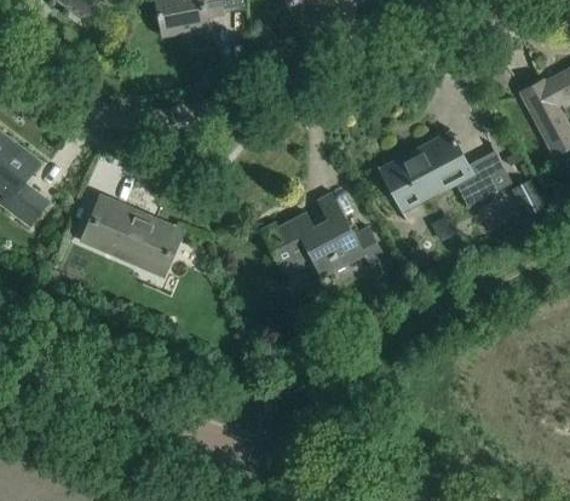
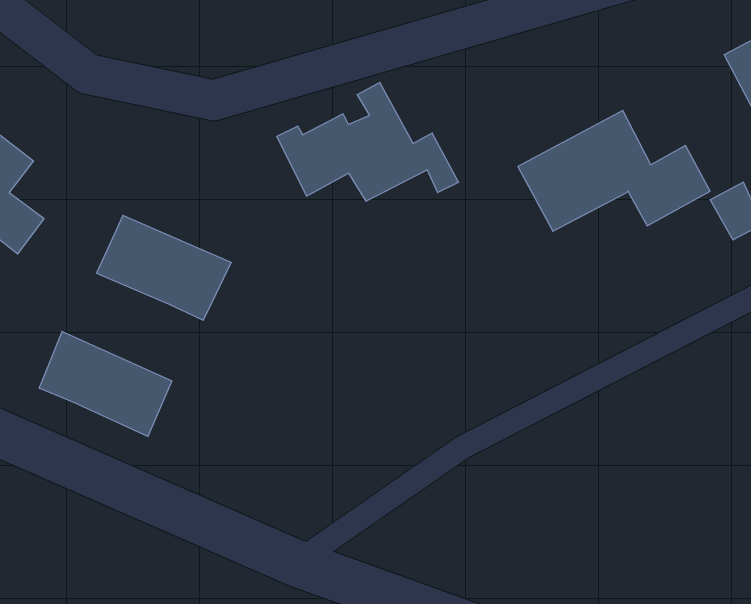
building: [260,192,386,275] -> [277,82,459,201]
building: none -> [39,331,172,436]

